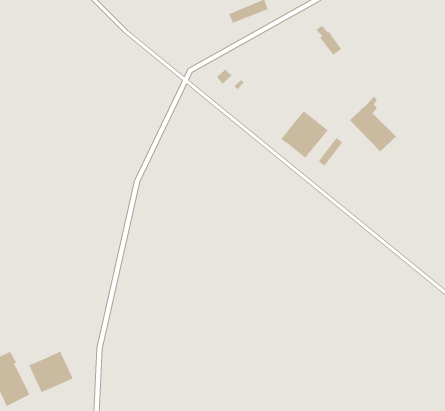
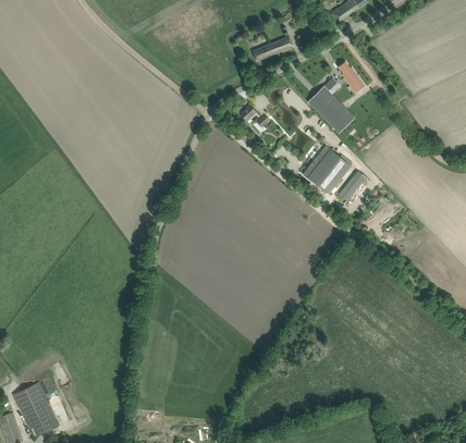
building: [349,96,397,152] -> [307,76,354,132]
building: [28,350,74,393] -> none

